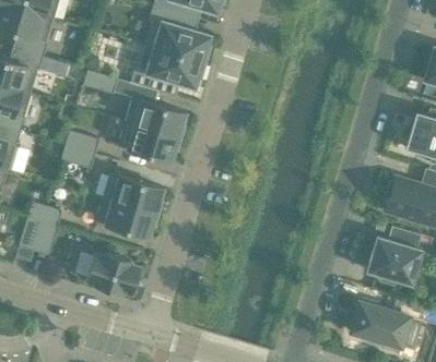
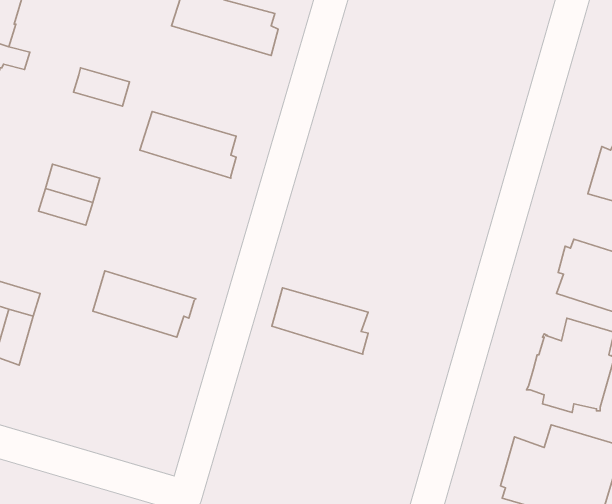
building: [130,44,207,89] -> none
building: [117,121,181,161] -> none
building: [103,172,163,214] -> [272,288,368,354]
building: [86,253,139,292] -> none

